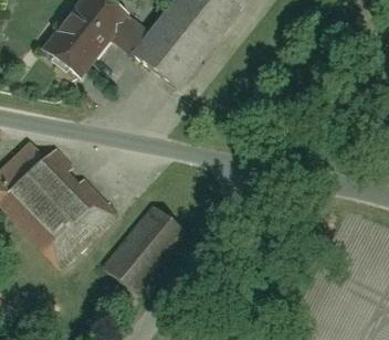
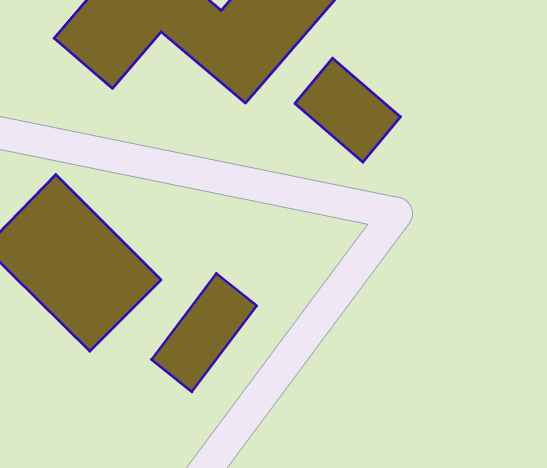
building: none -> [295,58,401,162]

